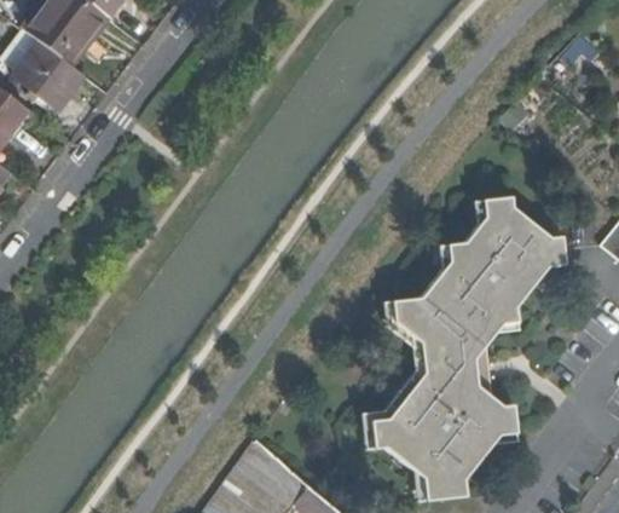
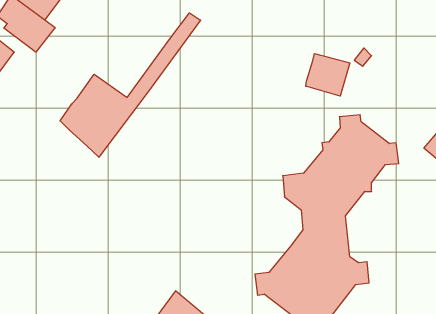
building: none -> [60,13,201,157]
building: none -> [306,54,350,96]

